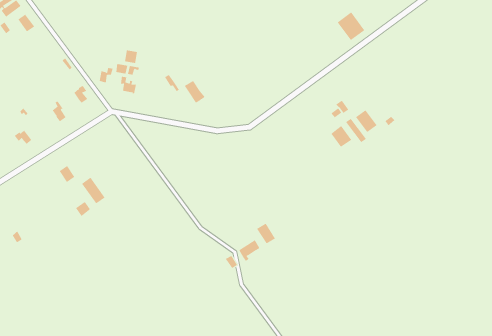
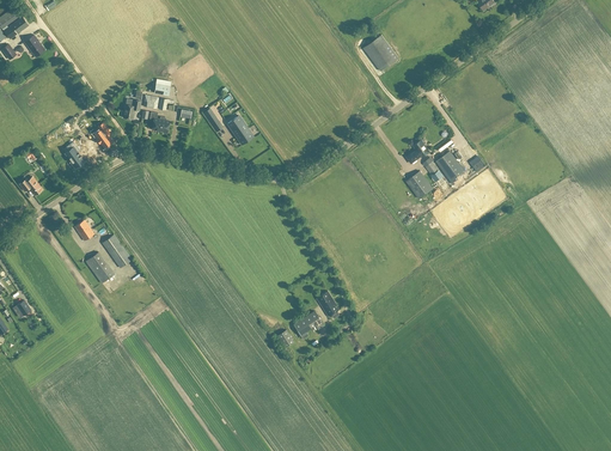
building: [337,12,365,41] -> [362,33,397,69]

